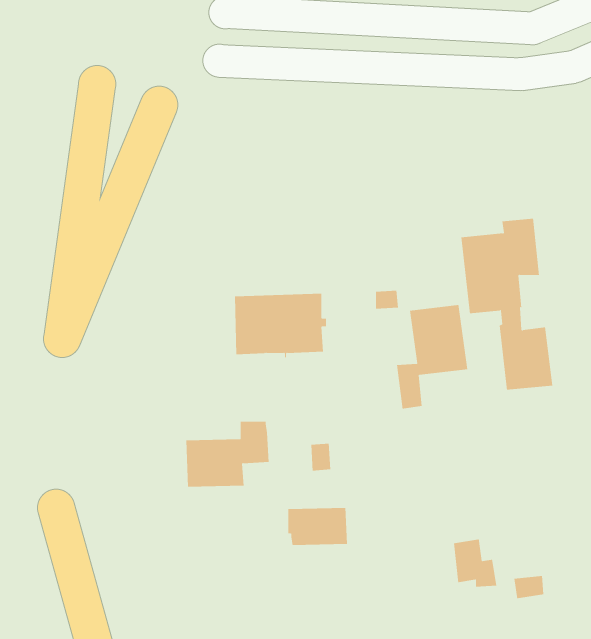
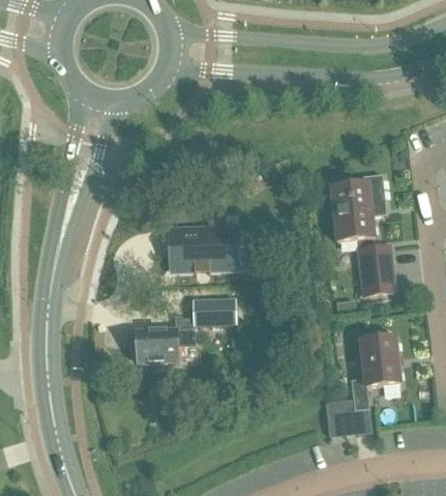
building: [396,305,468,409] -> [350,335,400,409]
building: [287,507,348,546] -> [192,297,235,324]

